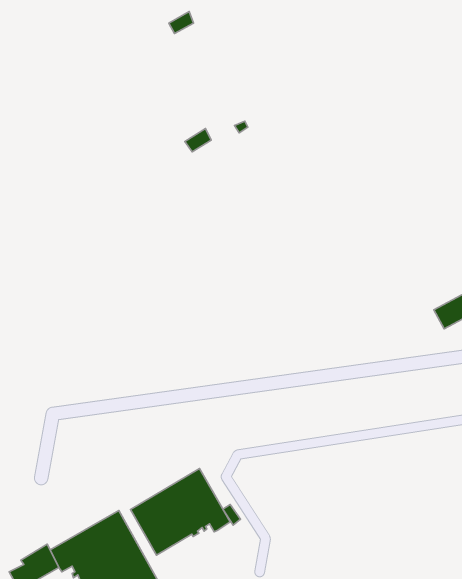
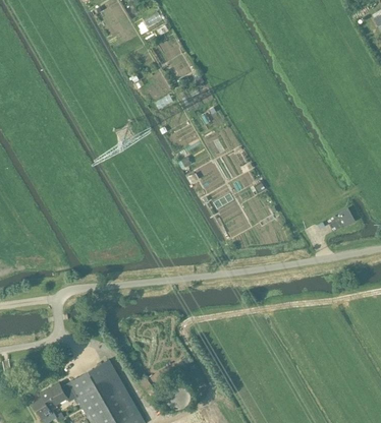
building: [130,469,230,555] -> none

